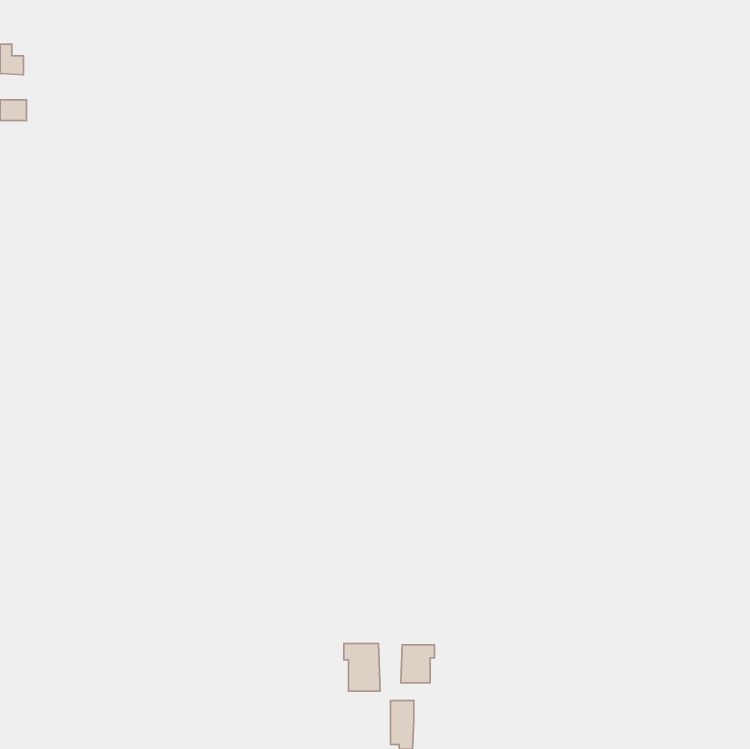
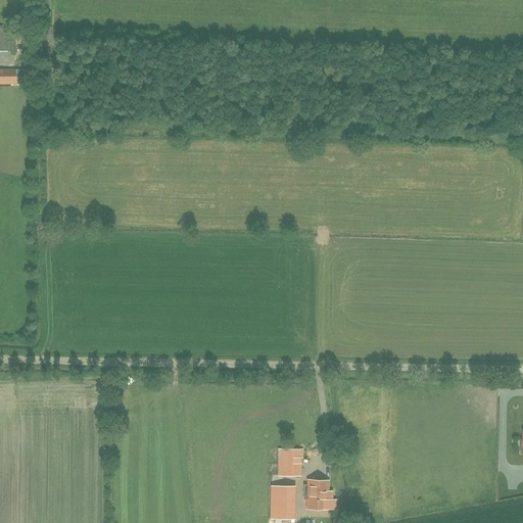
building: [344,643,380,691] -> none
building: none -> [303,479,332,509]

